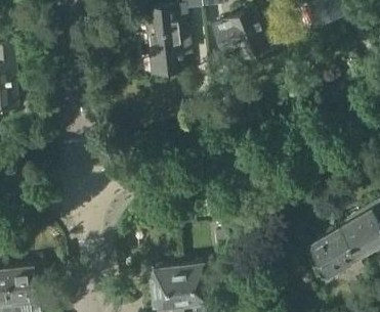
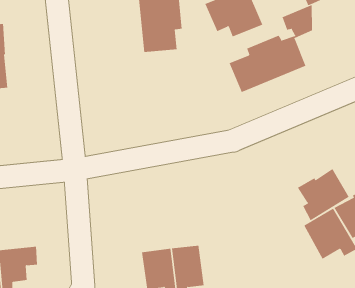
building: none -> [229,4,313,93]
building: none -> [297,168,350,221]

